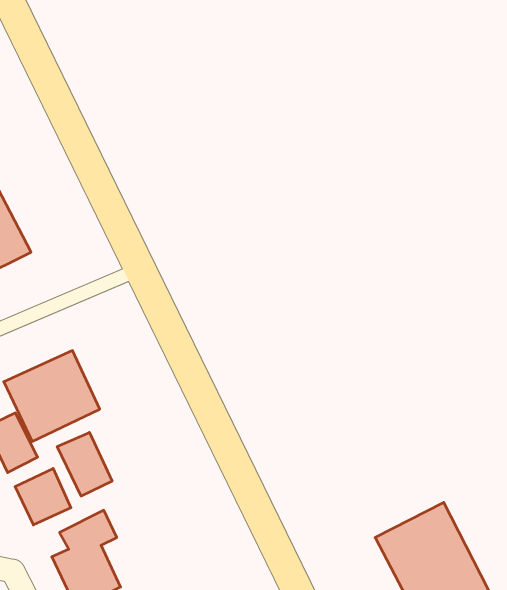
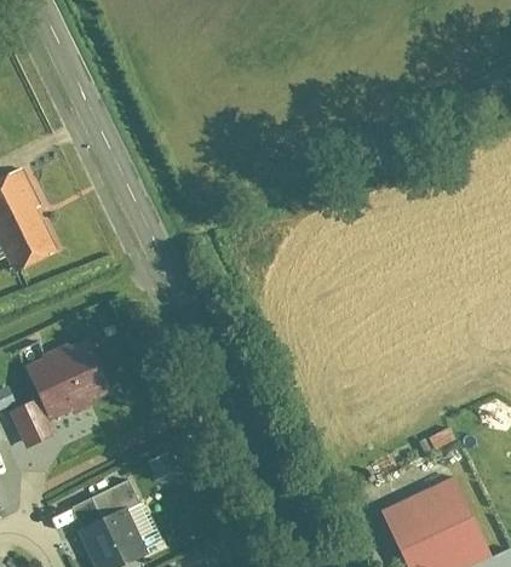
building: [57,432,112,496] -> none
building: [15,468,71,525] -> none

